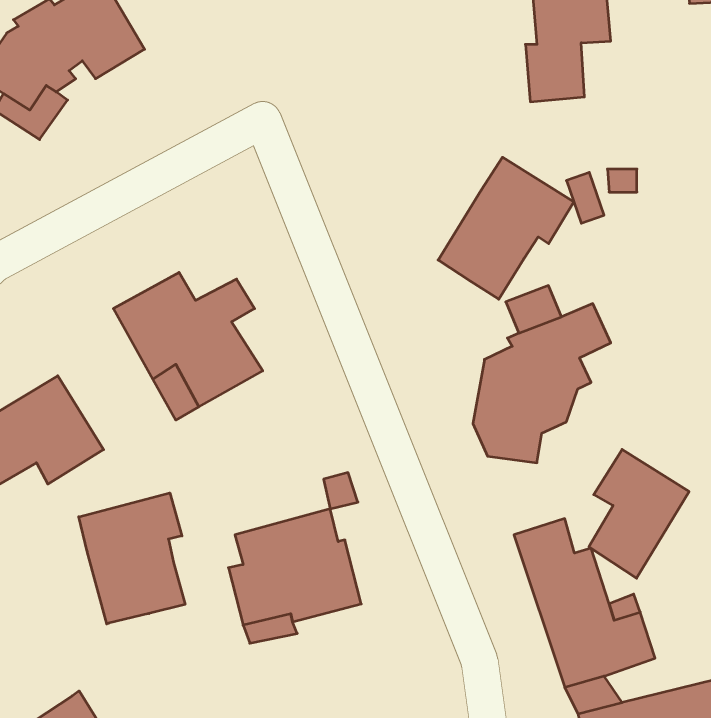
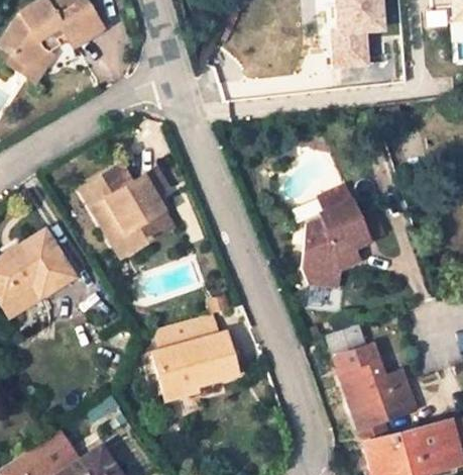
building: [438,157,574,299] -> none
building: [589,449,689,578] -> none
building: [79,493,185,624] -> none

